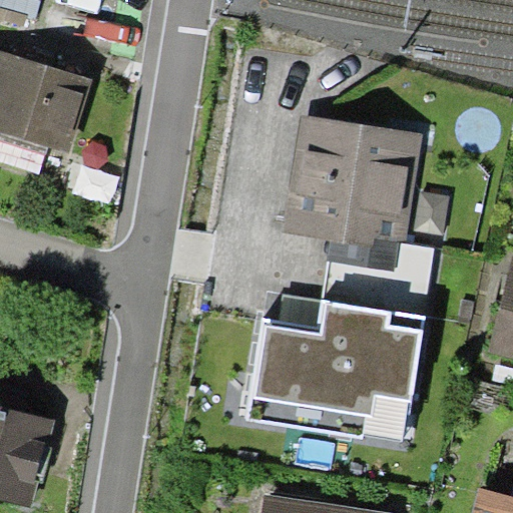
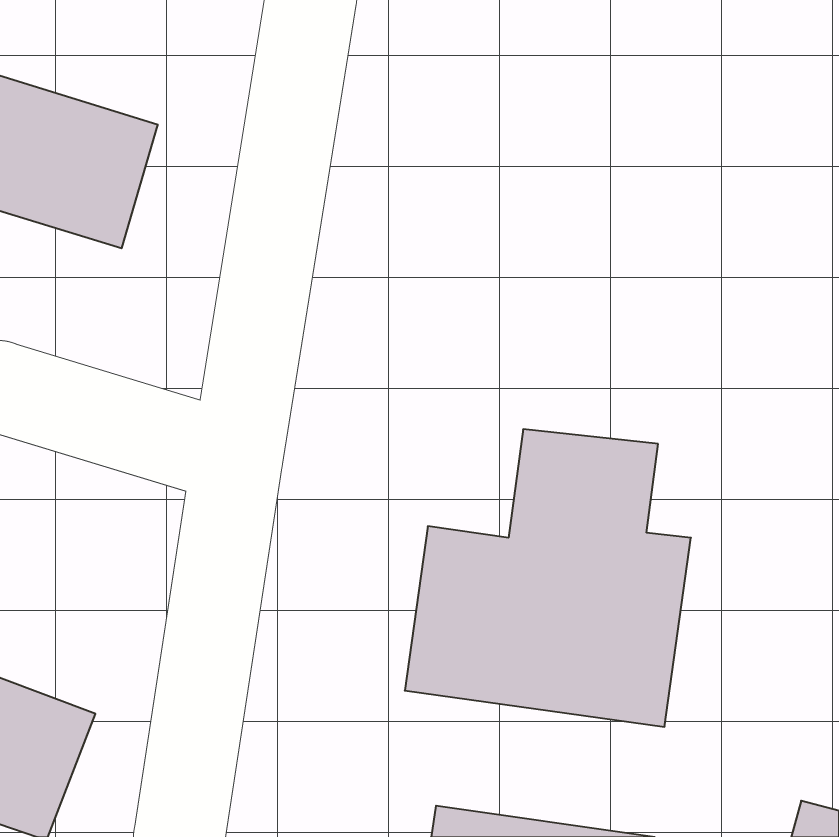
building: [281,120,420,271] -> none

